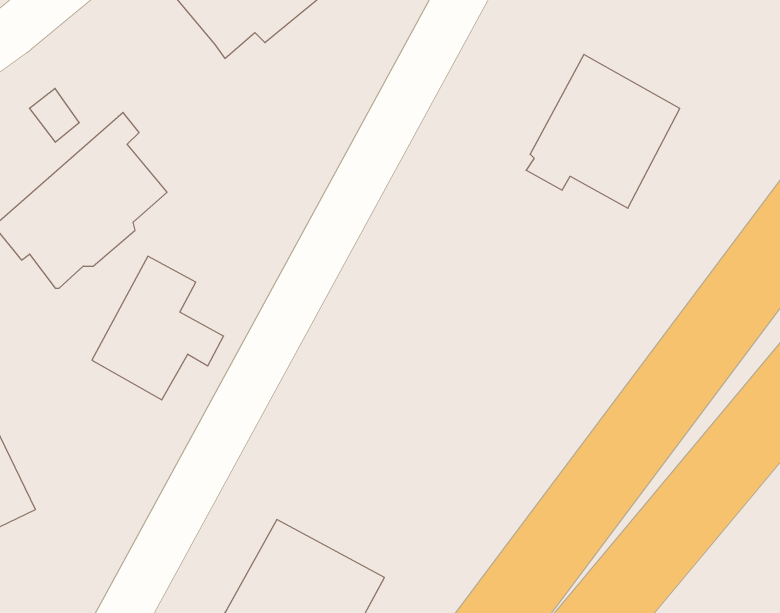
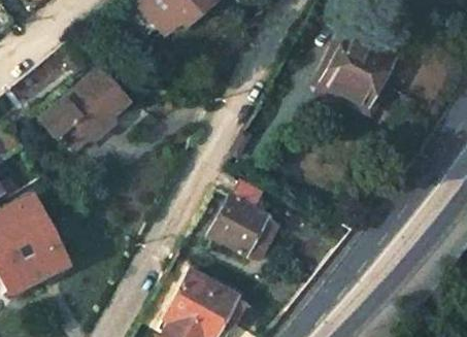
building: [92,256,224,400] -> [208,179,276,254]

